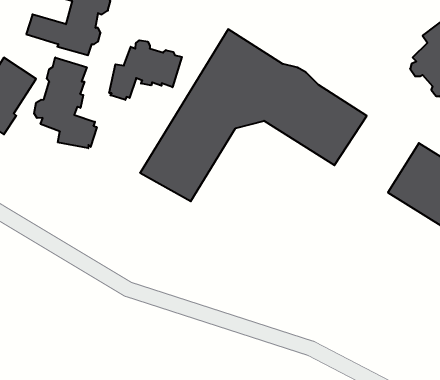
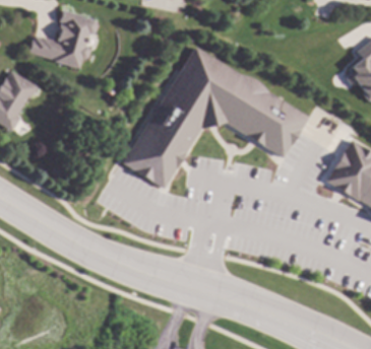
building: [109,40,182,100] -> none
building: [34,57,97,148] -> none

